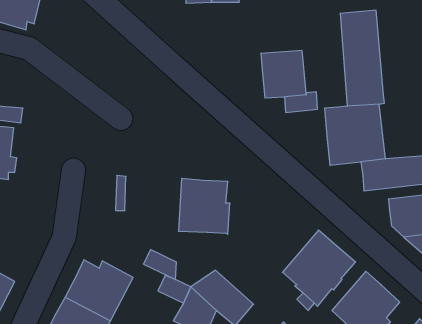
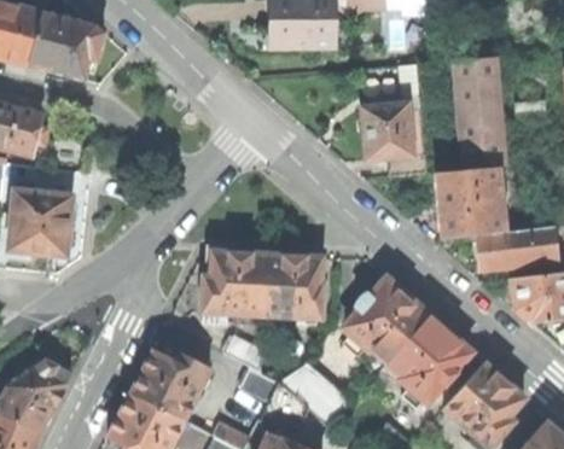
building: none -> [203,251,268,315]
building: none -> [343,278,429,363]

